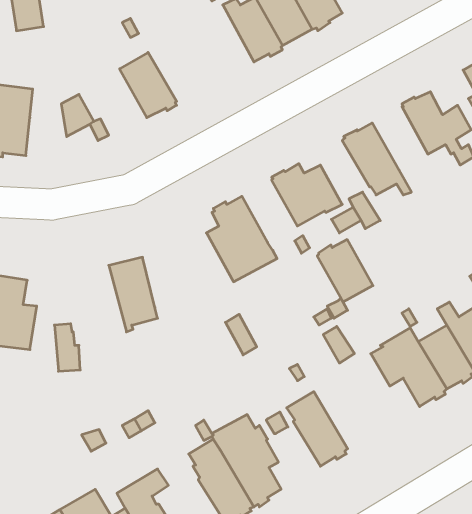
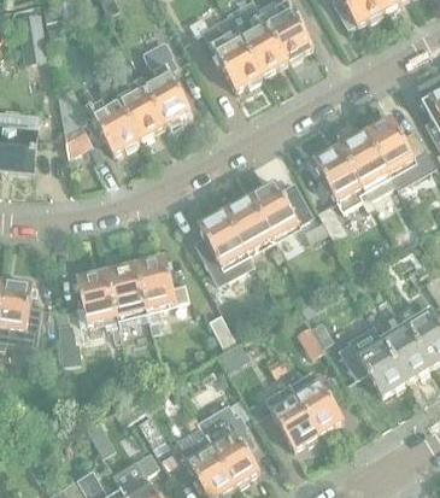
building: none -> [141,42,190,125]
building: none -> [86,86,140,154]
building: none -> [340,130,395,187]
building: [317,240,373,302] -> [224,195,274,251]
building: none -> [136,257,189,335]
building: none -> [76,271,124,342]
building: none -> [288,369,344,434]

